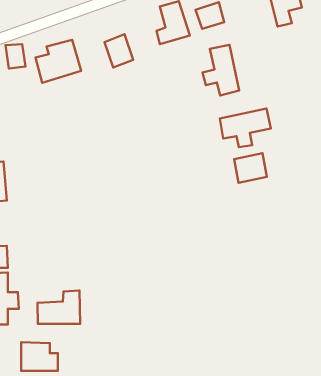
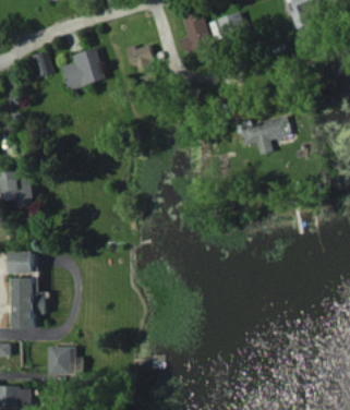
building: [203,45,239,95] -> none
building: [234,153,267,183] -> none
building: [37,291,80,324] -> none

